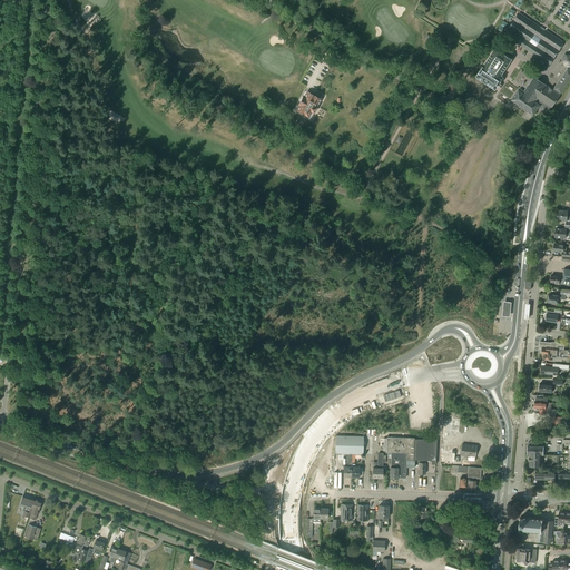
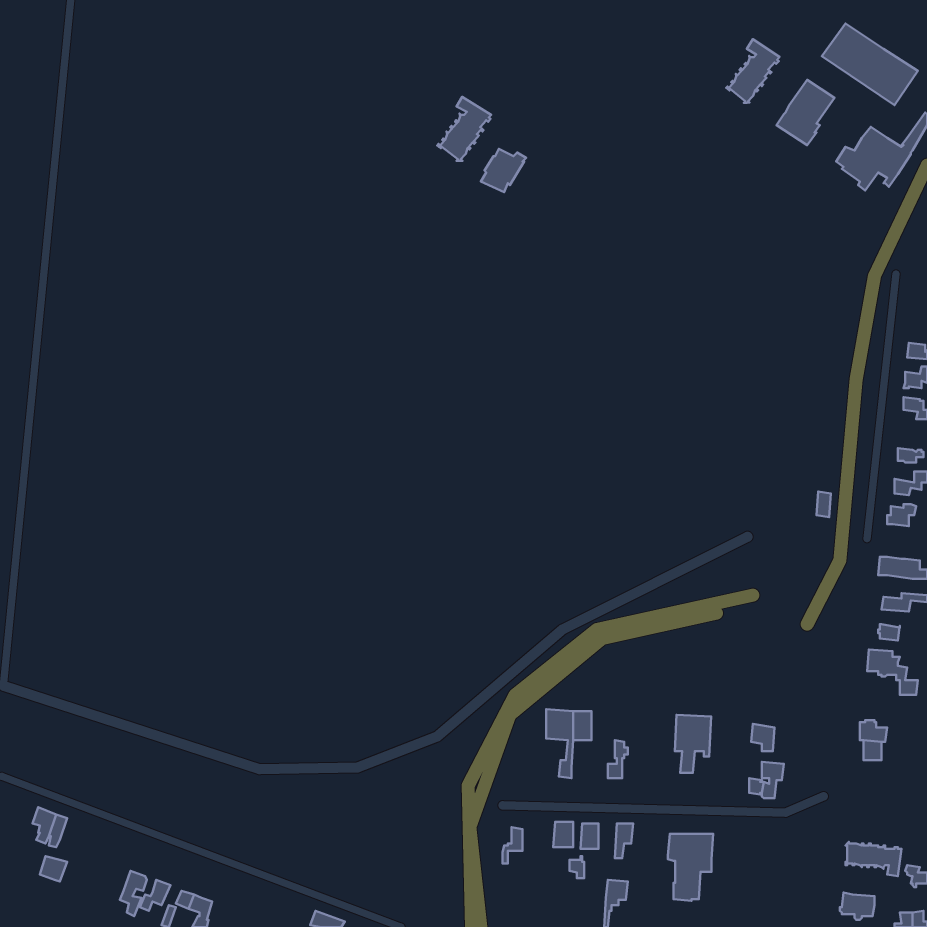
building: none -> [726,39,780,103]
building: none -> [437,97,491,161]
building: [386,438,414,479] -> [668,834,713,901]

